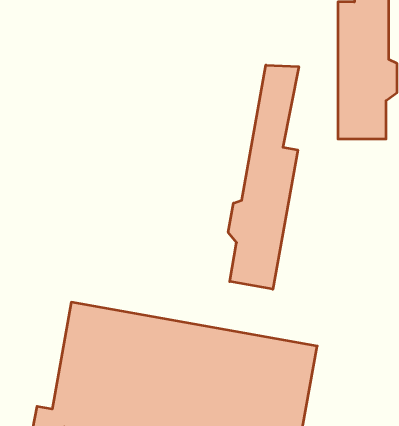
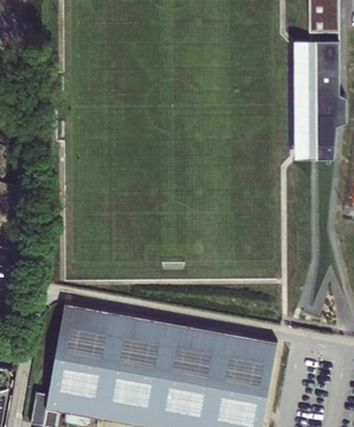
building: [228,65,299,289] -> none

